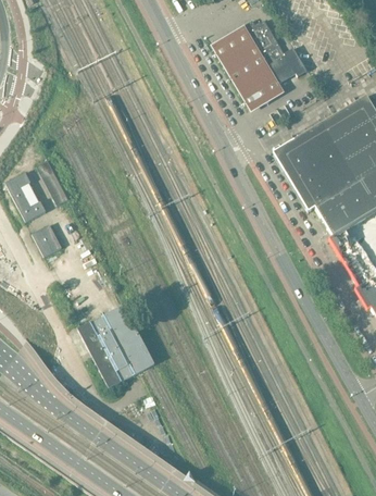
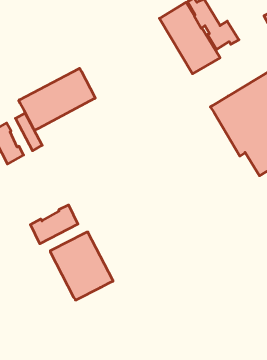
building: none -> [19,68,95,130]
building: [32,223,62,256] -> none
building: none -> [30,205,78,244]

